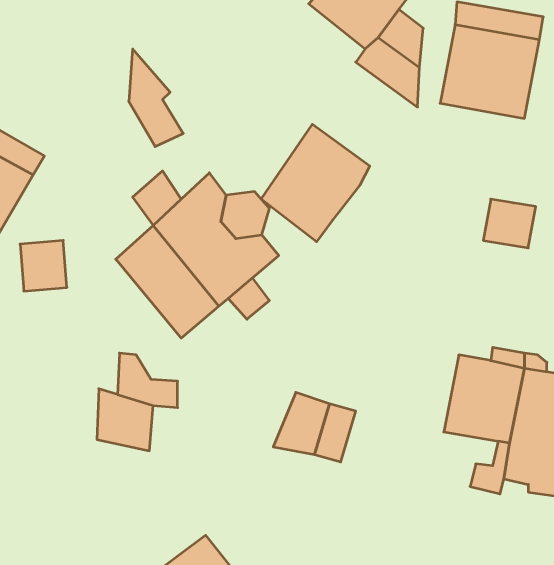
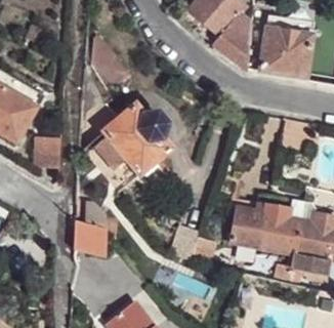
building: [261,124,370,242] -> none
building: none -> [231,194,270,245]

